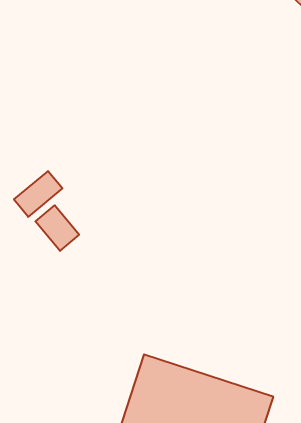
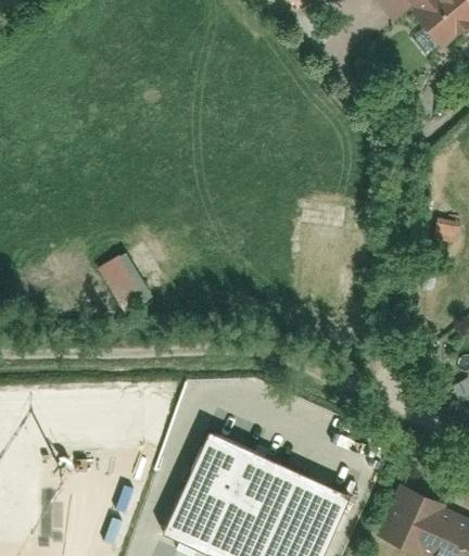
building: [14,171,62,217] -> none

